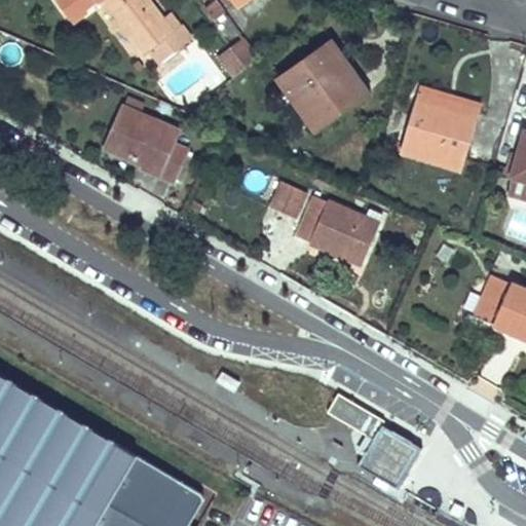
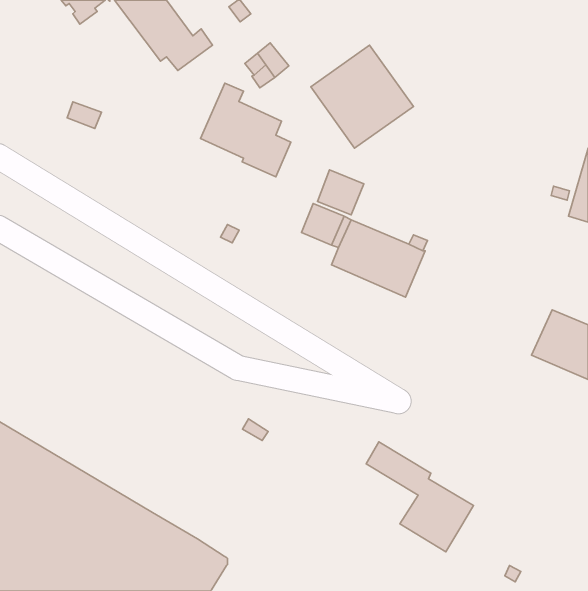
building: [400,87,480,170] -> none
building: [105,99,185,182] -> [201,83,291,177]
building: none -> [318,170,364,215]

